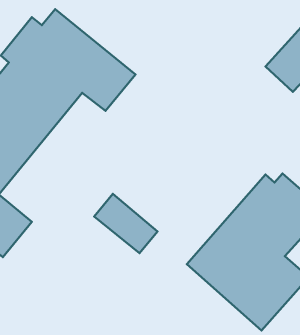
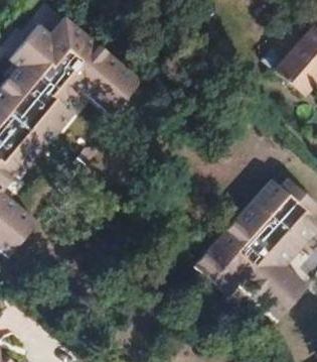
building: [94,194,158,253] -> none

